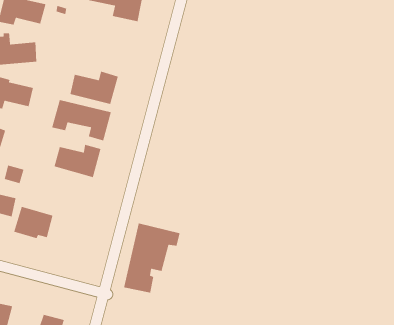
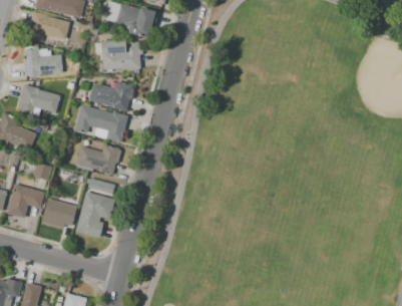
building: none -> [101,40,143,71]
building: [123,222,181,294] -> [75,176,125,238]

